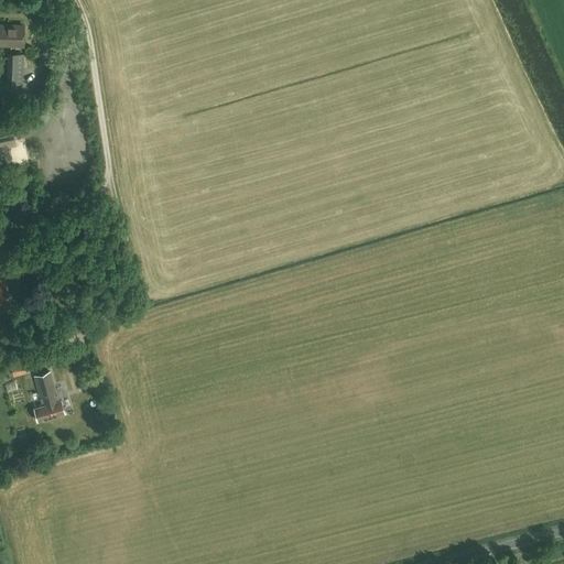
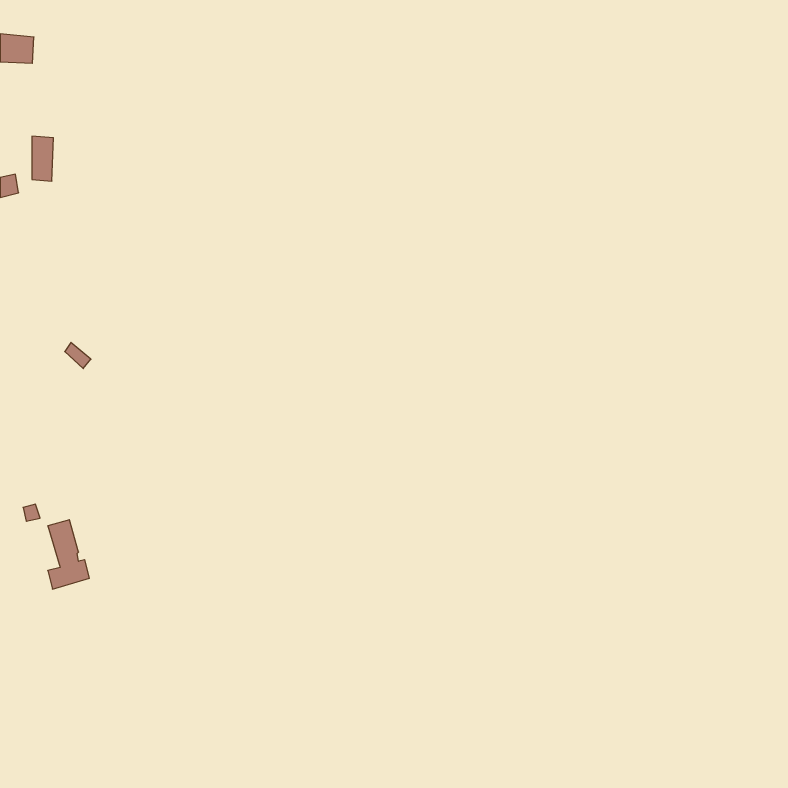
building: [10,54,25,86] -> [32,136,53,181]

